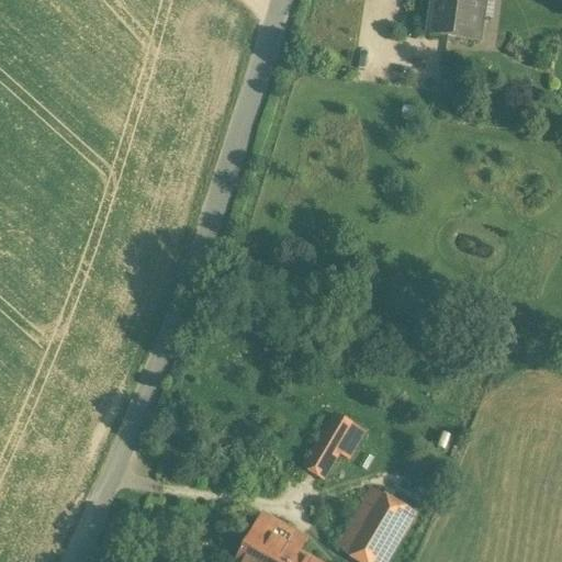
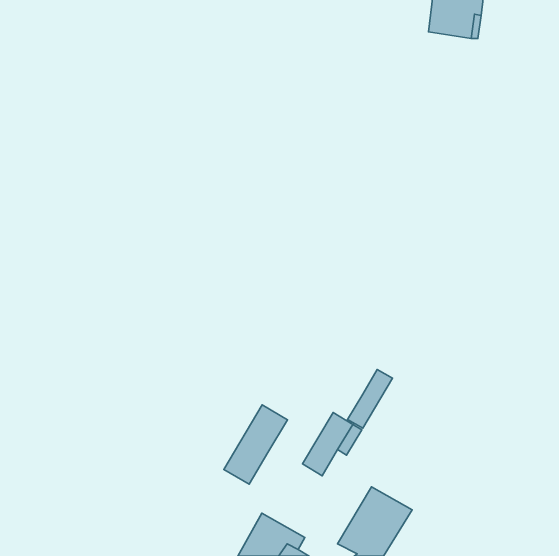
building: none -> [347,370,392,428]
building: none -> [224,405,288,484]

